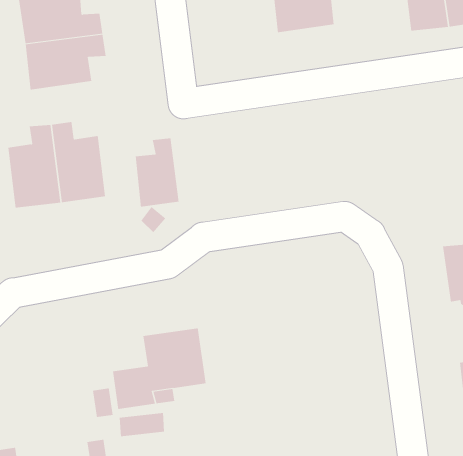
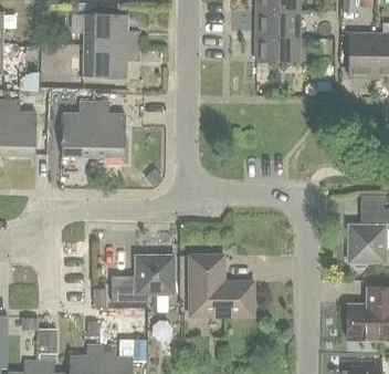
building: [135,137,179,208] -> none
building: none -> [189,254,253,315]

